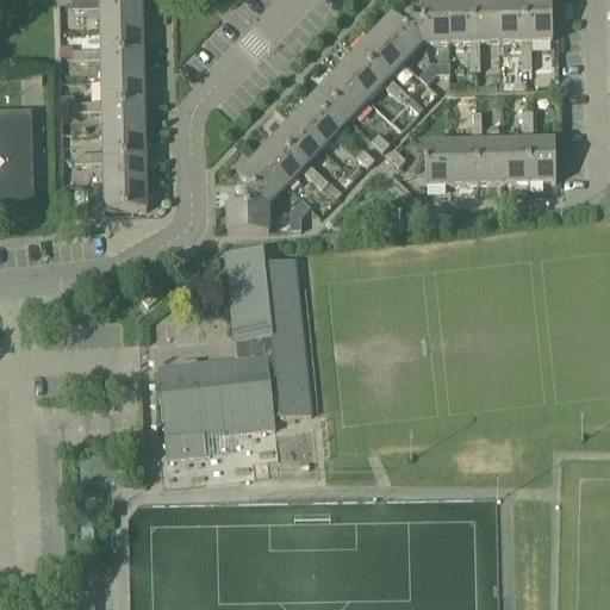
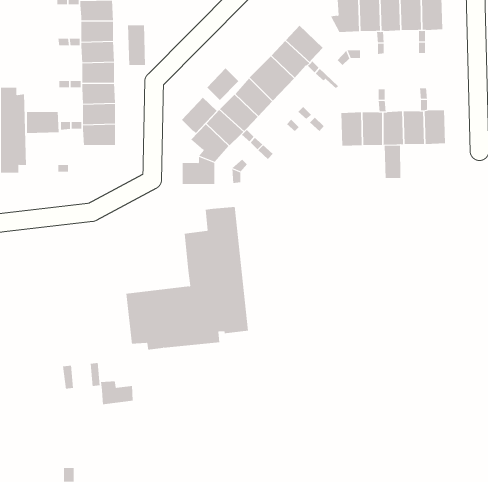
building: [374,12,423,60] -> none
building: none -> [128,25,146,66]
building: none -> [206,68,239,101]
building: none -> [181,97,217,134]
building: none -> [384,145,401,179]
building: [105,181,147,208] -> [26,112,60,134]
building: [225,247,266,291] -> none
building: [164,428,206,458] -> [100,381,134,405]

